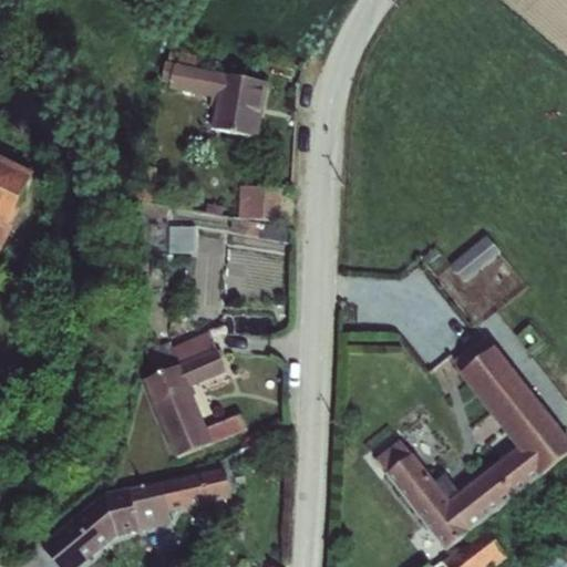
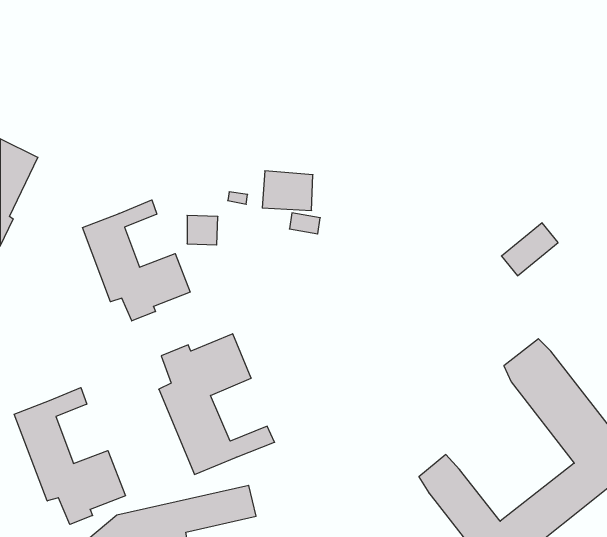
building: [154,50,268,137] -> none
building: none -> [82,200,190,321]
building: none -> [14,388,125,524]

